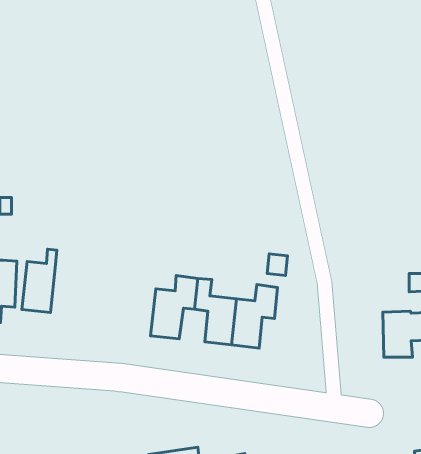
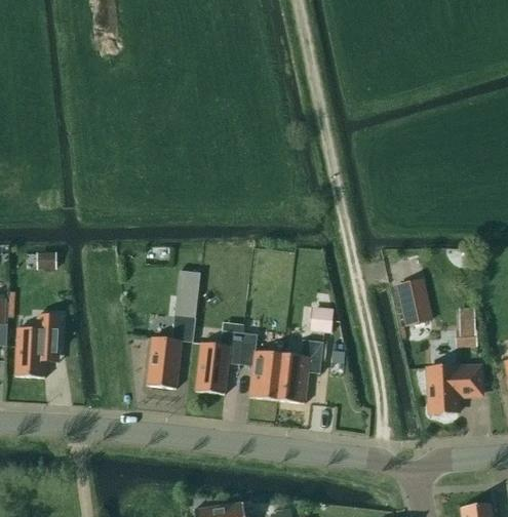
building: none -> [174,270,200,317]
building: none -> [398,279,431,324]
building: [22,249,57,313] -> [148,324,183,388]

